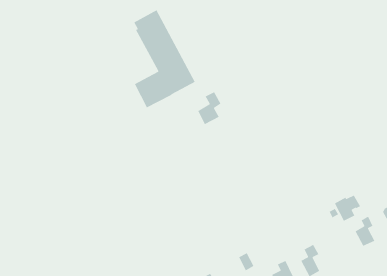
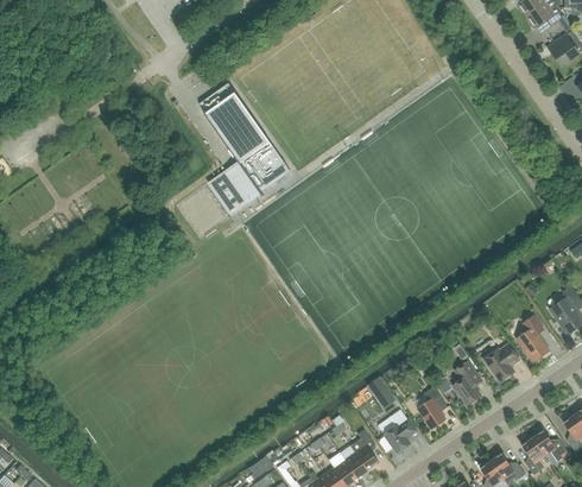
building: [197,91,221,125] -> none
building: [334,195,361,222] -> [483,344,519,381]

